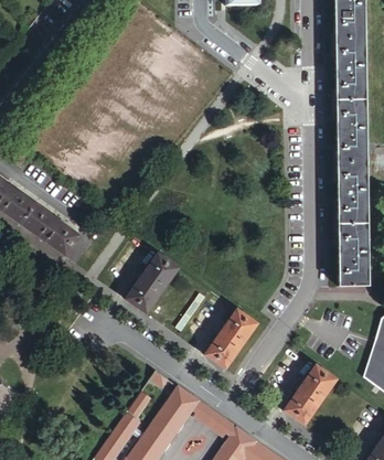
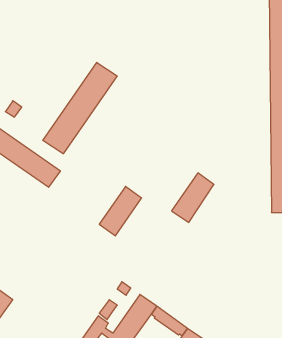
building: none -> [43,62,117,154]
building: [205,308,257,368] -> [172,173,214,222]
building: [282,363,335,424] -> none

